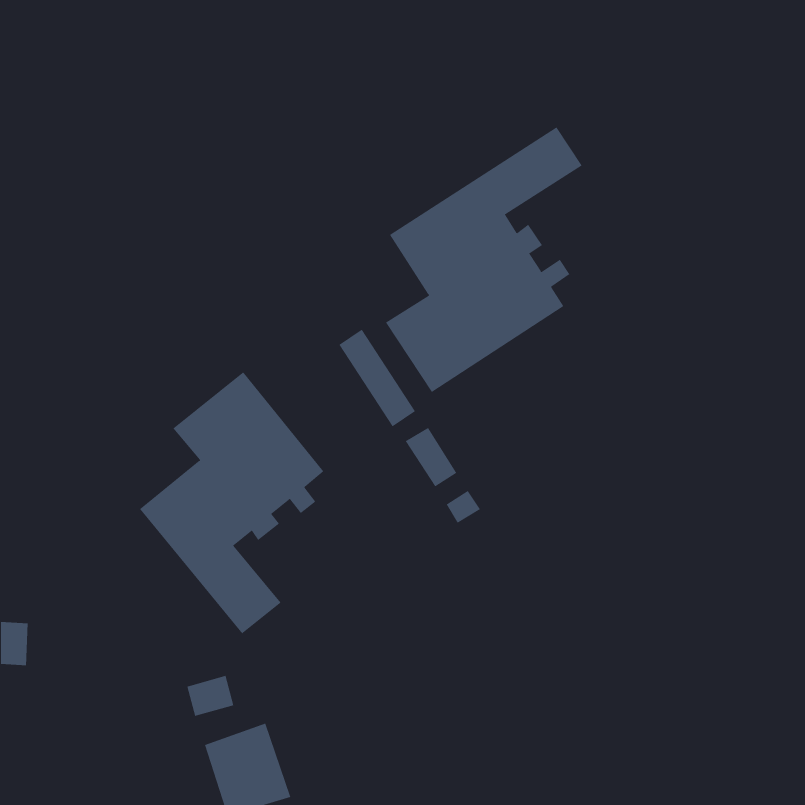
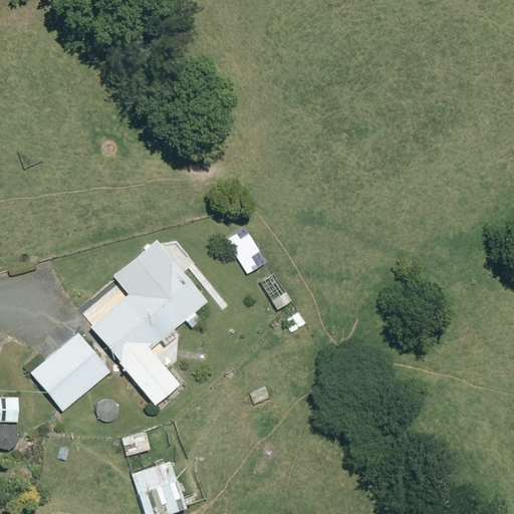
building: [385,126,583,393] -> none
building: none -> [29,332,110,411]

